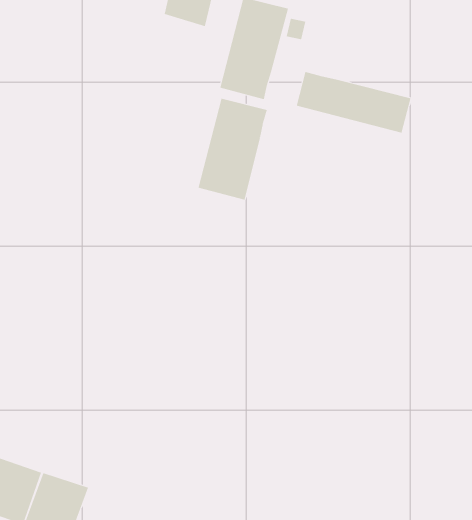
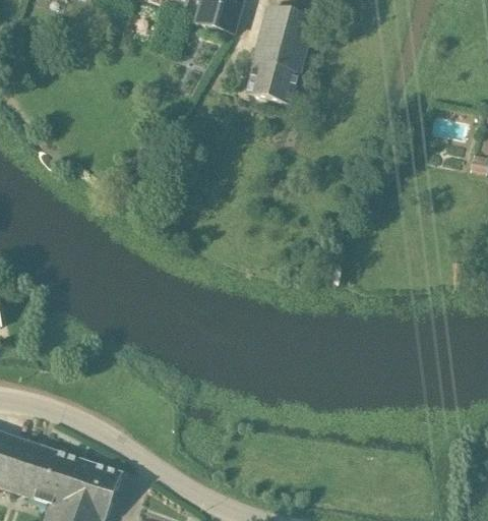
building: [296,71,411,134] -> none
building: [198,98,267,200] -> none

